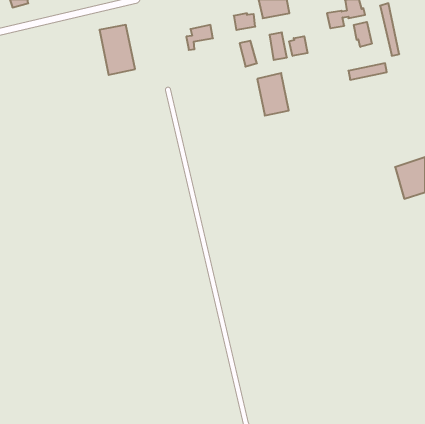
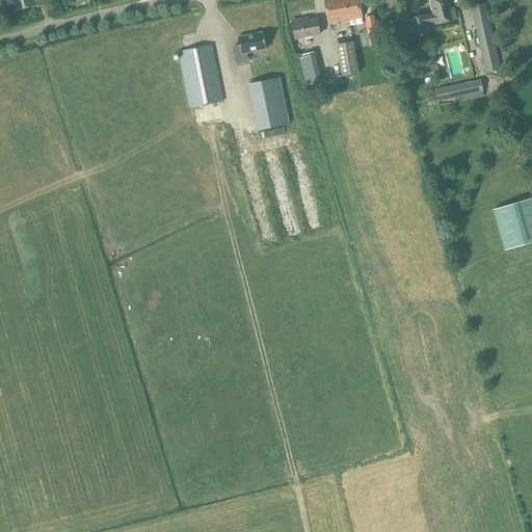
building: [354,22,372,47] -> none
building: [99,25,135,75] -> [178,45,222,107]
building: [289,36,308,56] -> none
building: [257,73,289,116] -> [249,76,289,129]

